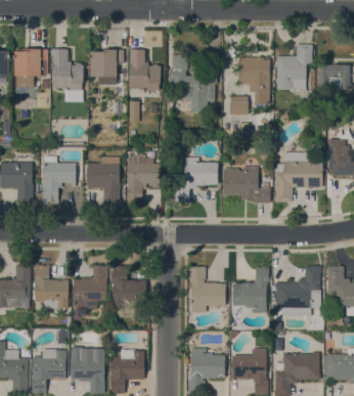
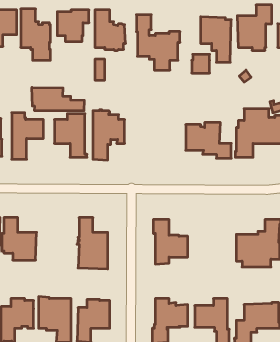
building: none -> [32,87,84,111]
building: [175,157,218,202] -> none
building: [73,265,107,308] -> none
building: [232,266,268,312] -> none

